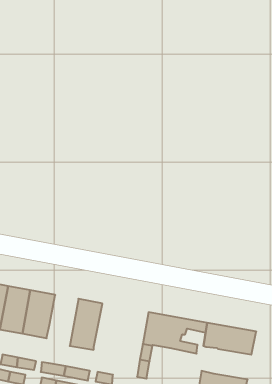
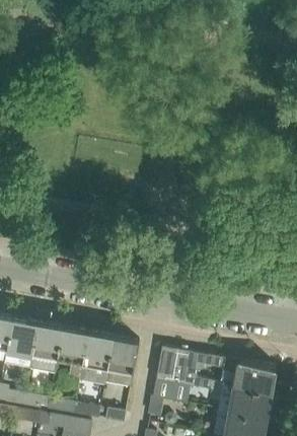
building: none -> [58,329,88,378]
building: none -> [104,338,139,387]
building: none -> [218,383,271,418]

